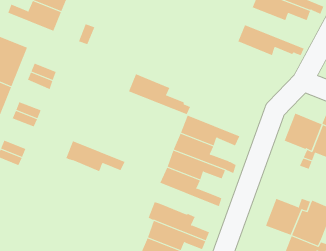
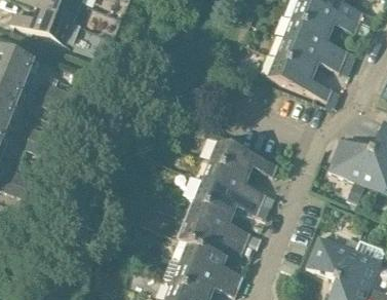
building: none -> [283,17,355,65]
building: [128,74,191,115] -> [267,57,339,104]
building: [65,140,125,172] -> [178,219,246,255]

